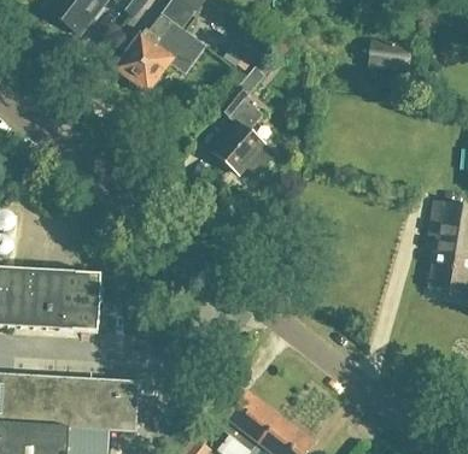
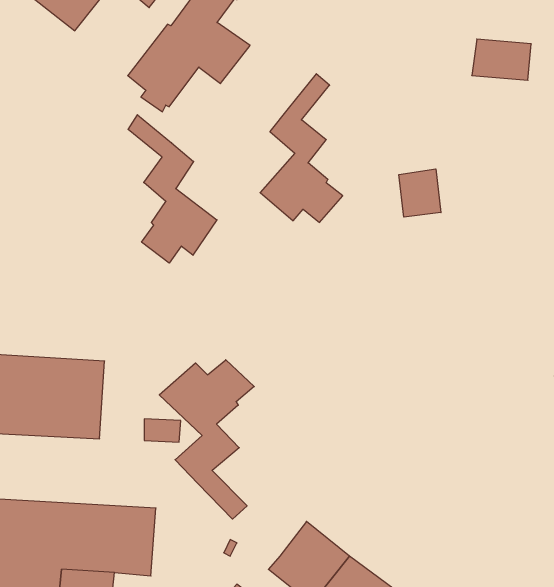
building: none -> [128,115,217,263]
building: none -> [399,169,441,217]
building: none -> [159,360,254,519]

